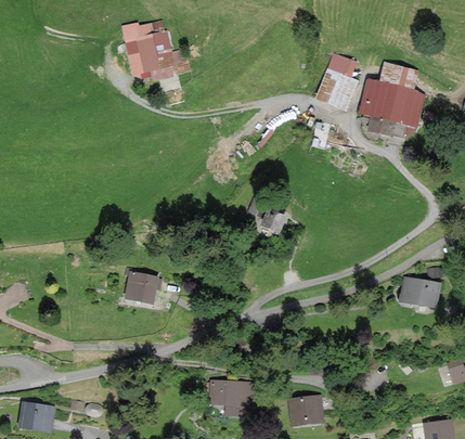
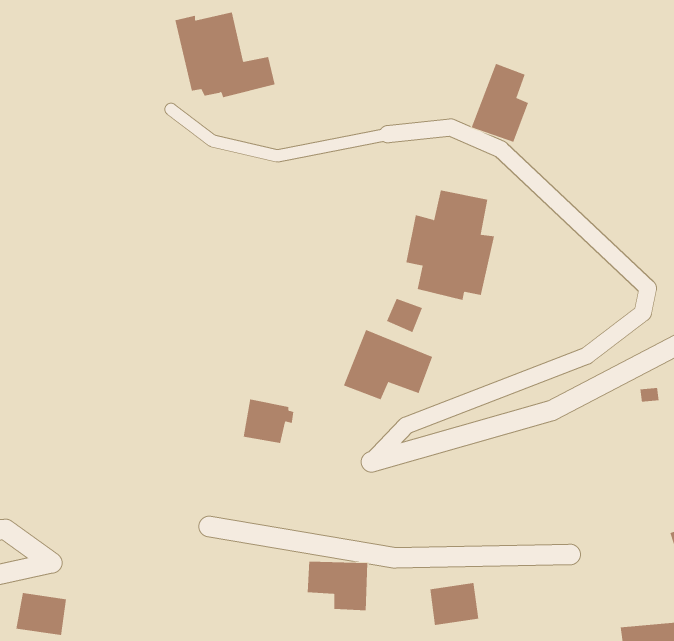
building: [362,64,421,137] -> [405,190,495,301]
building: none -> [343,329,433,400]
building: [126,272,159,301] -> [243,399,294,443]
building: [400,276,439,307] -> none

